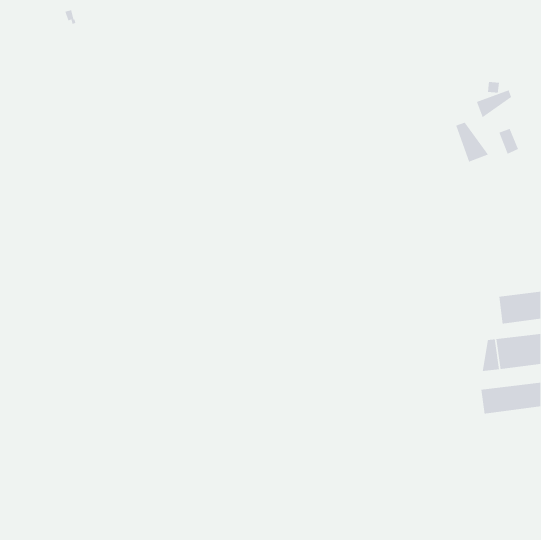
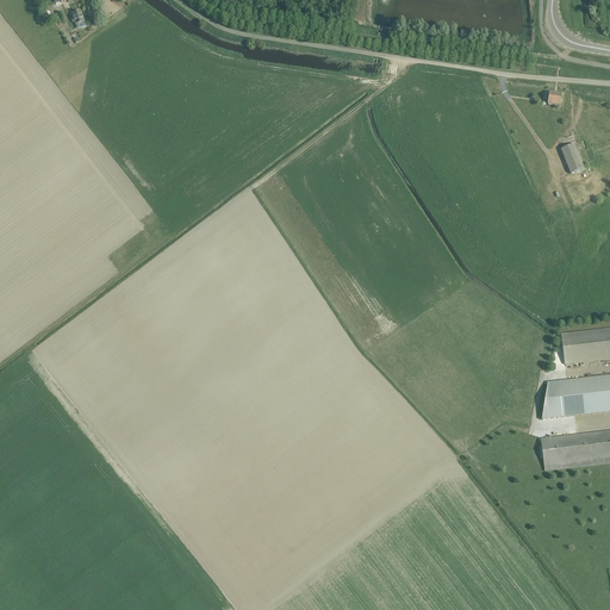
building: [476,90,512,118] -> none
building: [455,122,489,163] -> none

